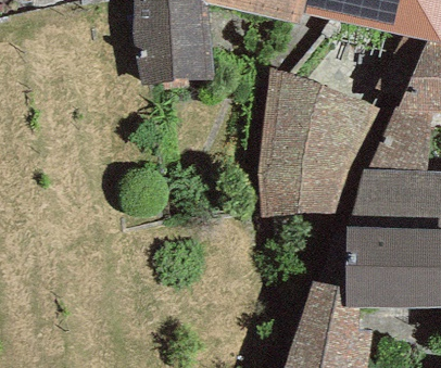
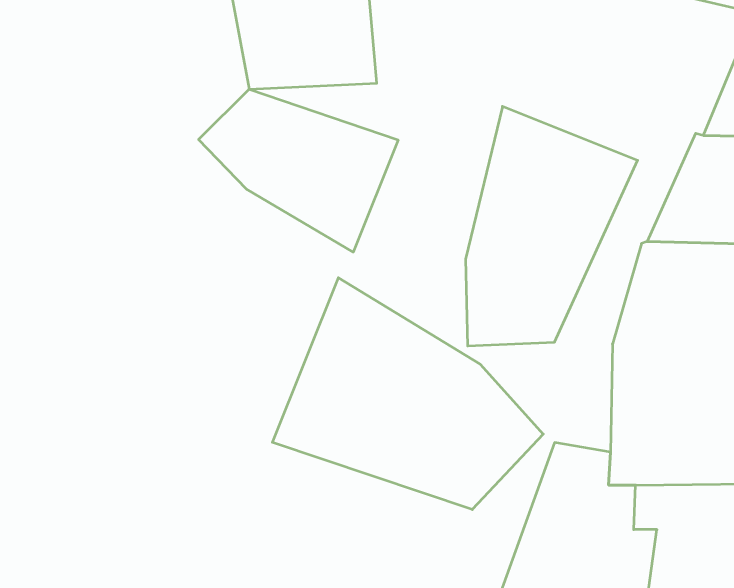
building: none -> [199,89,398,252]
building: none -> [272,278,543,510]

